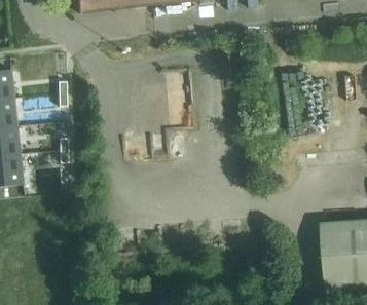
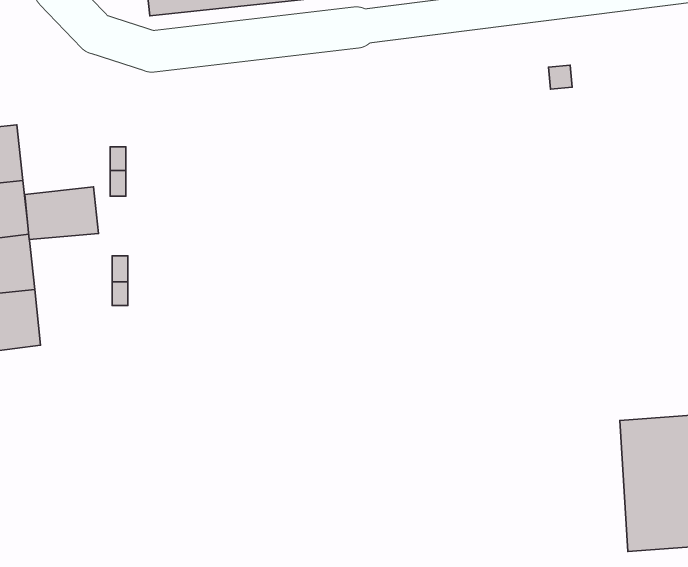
building: none -> [25,187,99,239]

